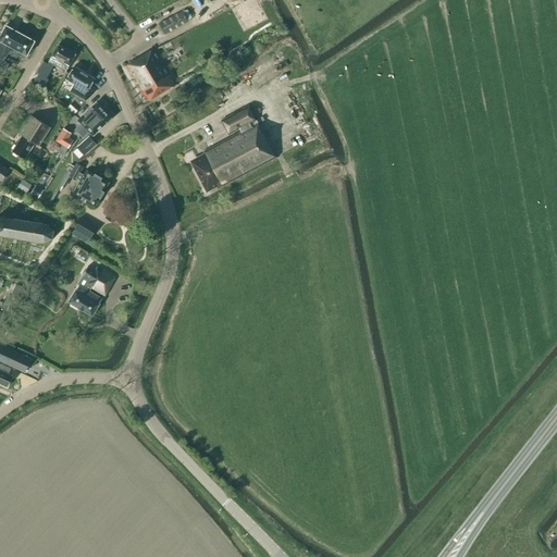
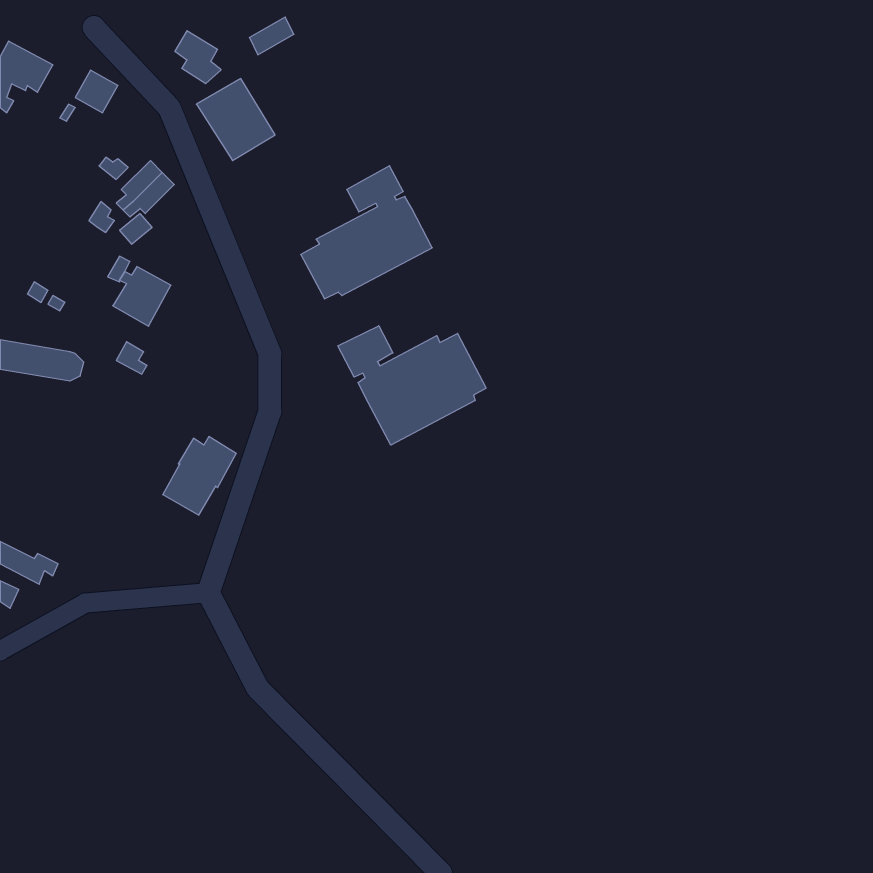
building: [66,66,96,100] -> [175,31,221,84]
building: [12,115,50,160] -> none
building: none -> [338,326,486,445]
building: [69,265,115,315] -> [163,437,236,515]

